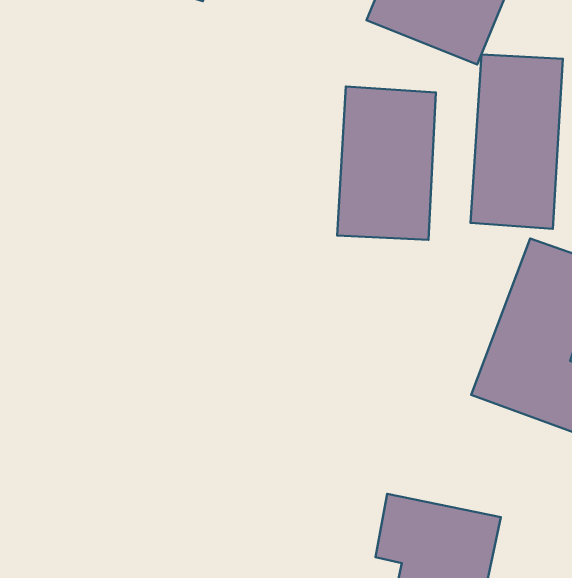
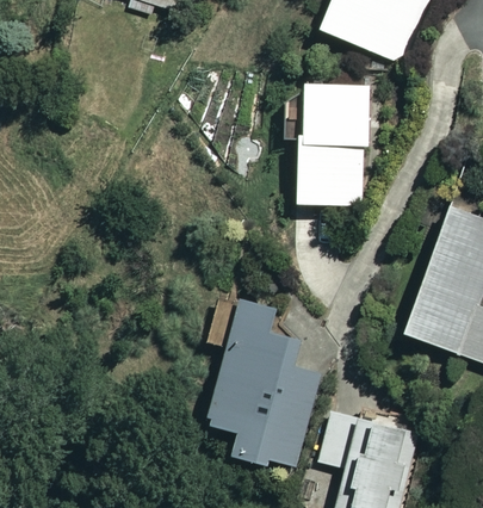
building: [470,54,563,229] -> none
building: none -> [202,295,333,466]

